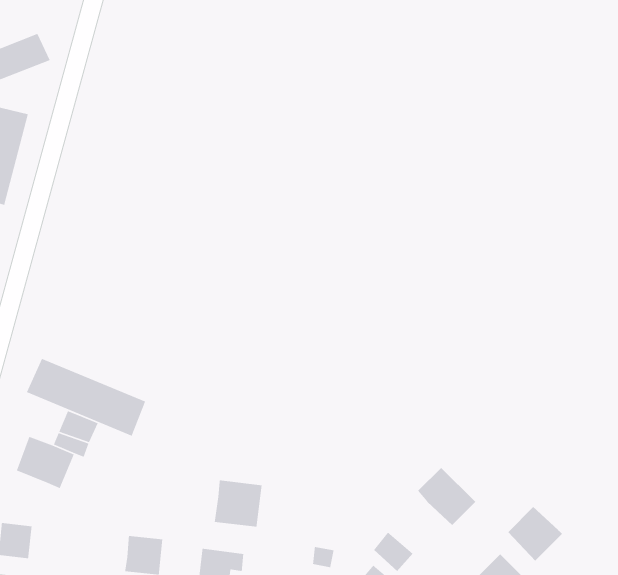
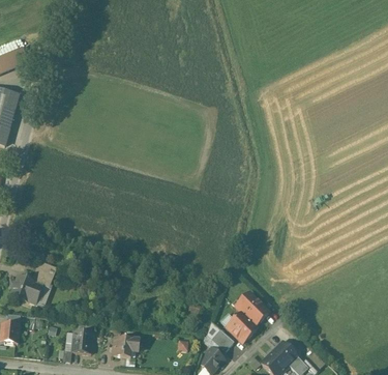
building: [26,358,146,437] -> none
building: [214,480,263,528] -> none
building: [508,506,563,561] -> [227,312,258,343]

